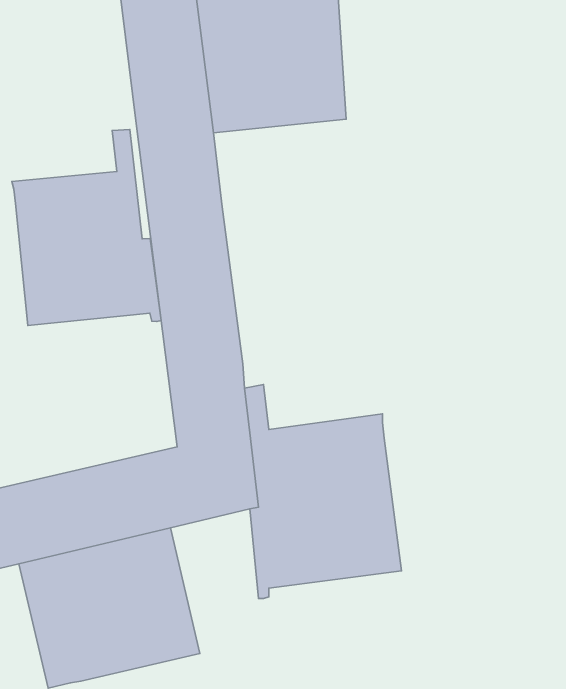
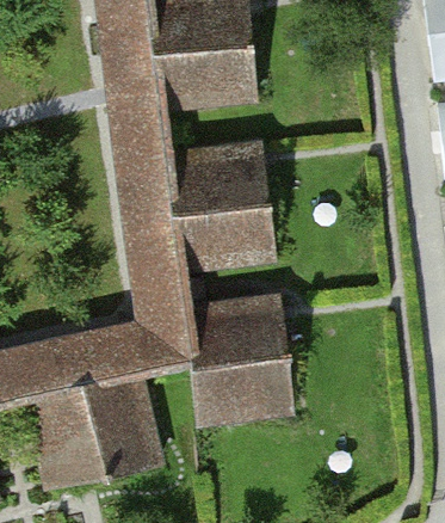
building: [12,130,161,326] -> none
building: none -> [169,146,272,264]

